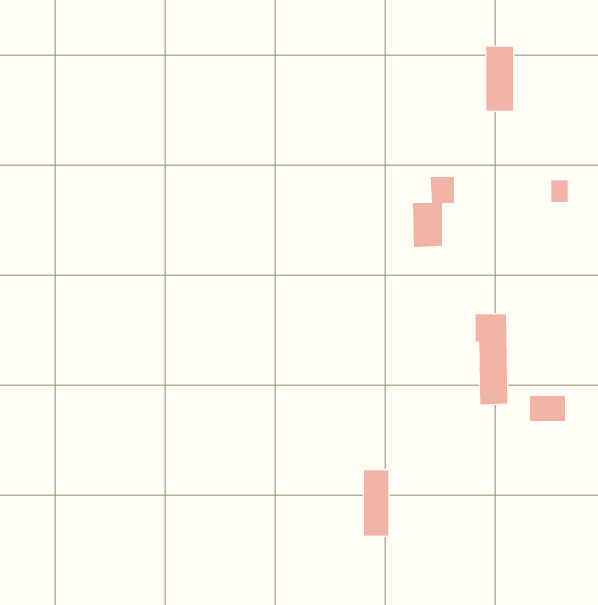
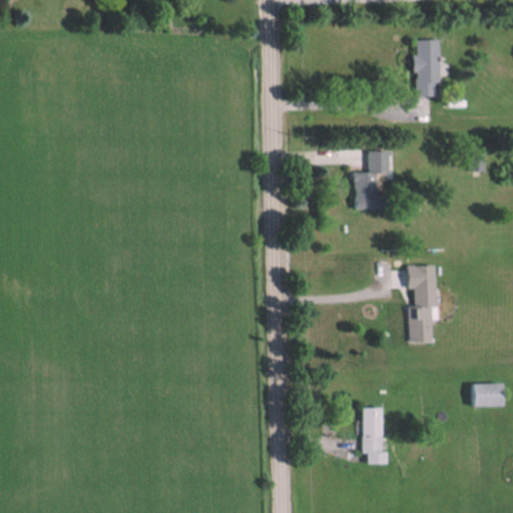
building: [529,395,566,422] -> [471,384,502,406]
building: [363,470,389,536] -> [364,408,386,464]

